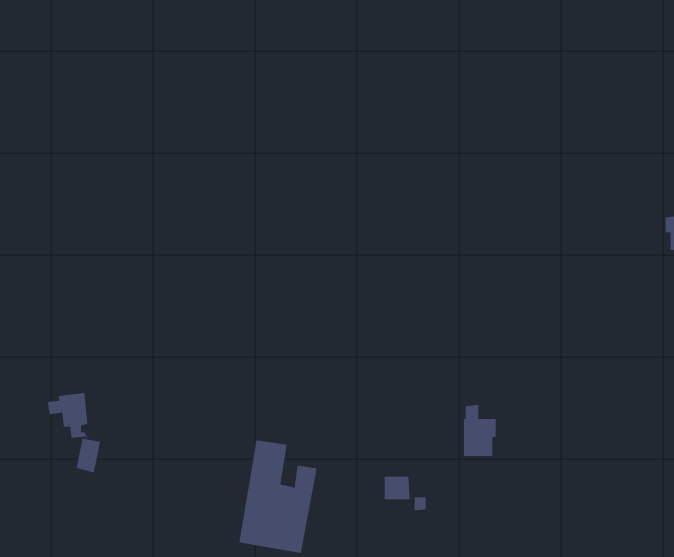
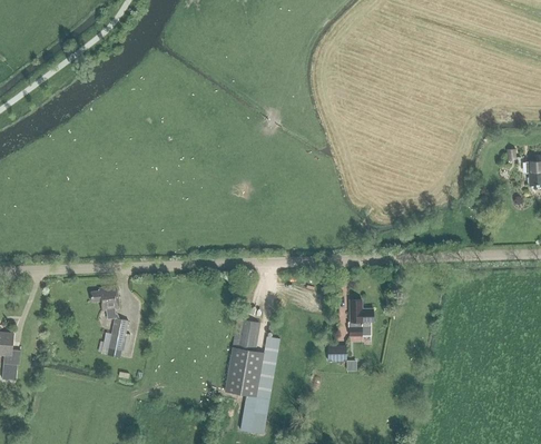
building: [463,404,496,457] -> [350,299,373,336]

